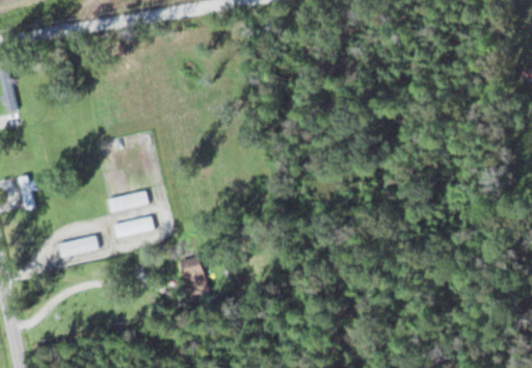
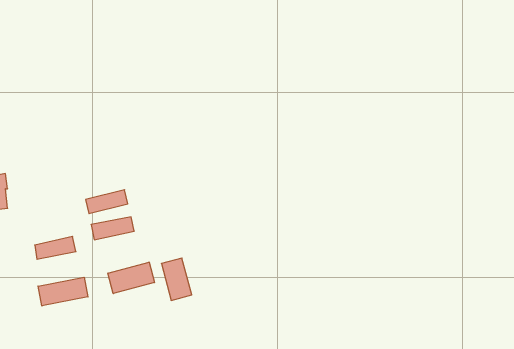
building: none -> [108,262,154,294]
building: none -> [38,277,88,306]

